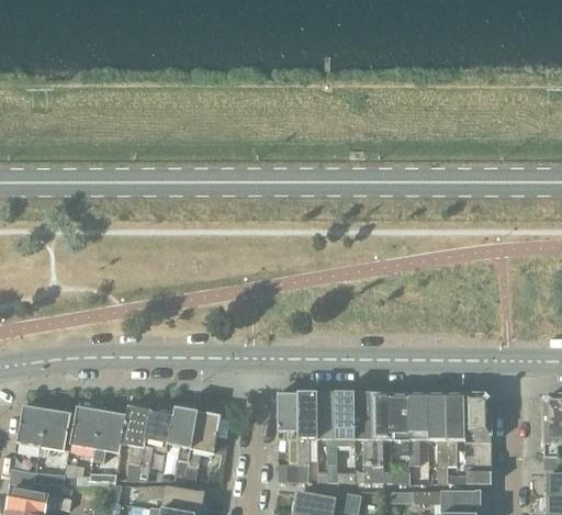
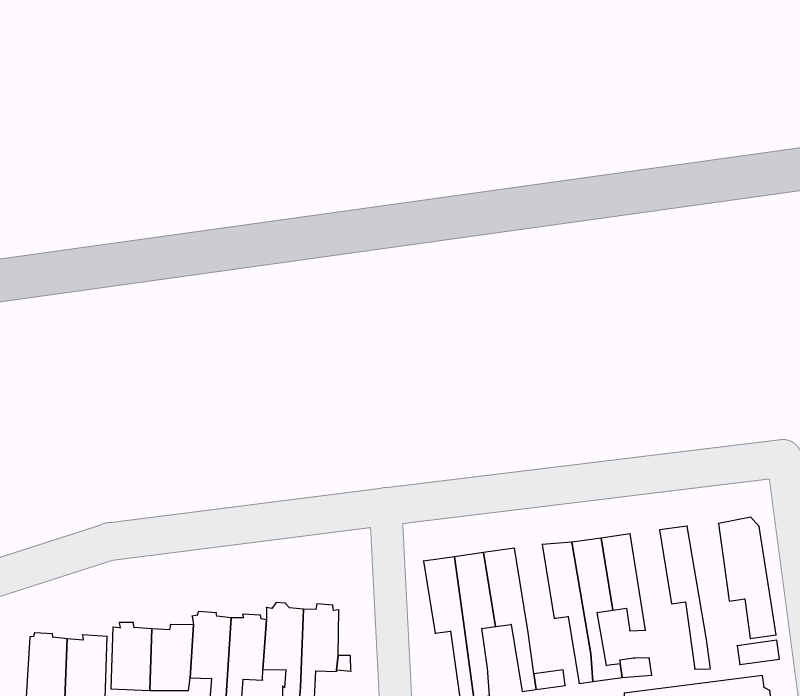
building: [335,393,355,447] -> none
building: [408,394,428,467] -> none
building: [445,394,464,467] -> none

